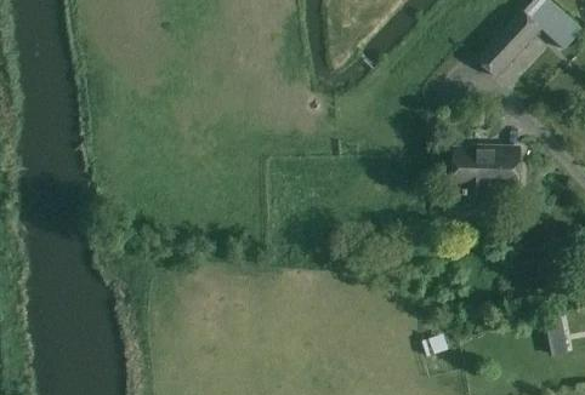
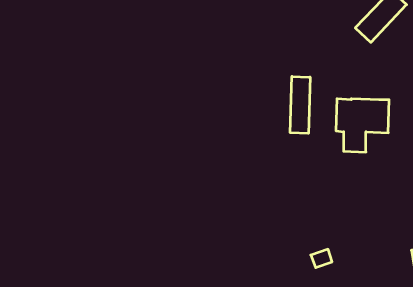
building: none -> [290,76,310,133]

